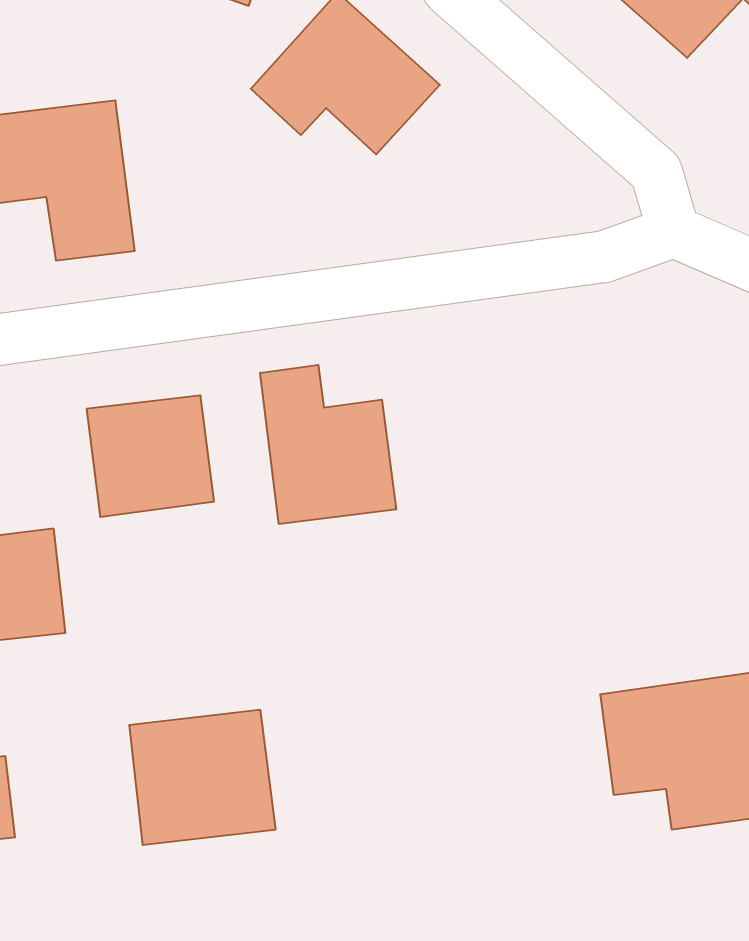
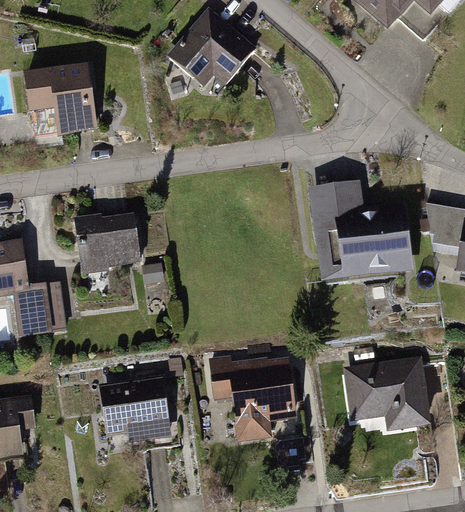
building: none -> [304,180,414,289]
building: [260,365,396,524] -> none
building: none -> [205,356,296,445]

